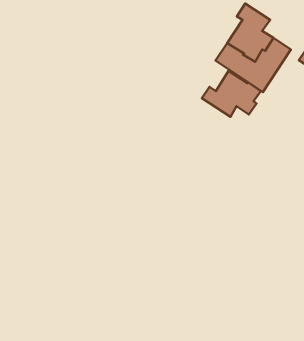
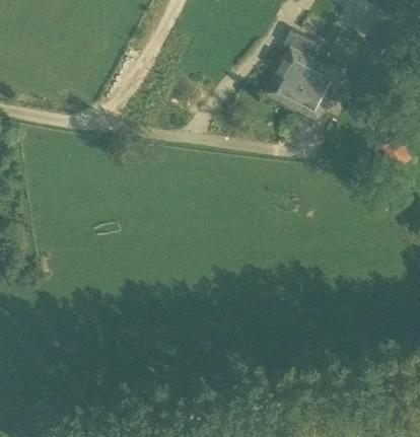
building: [202,71,261,117] -> none

